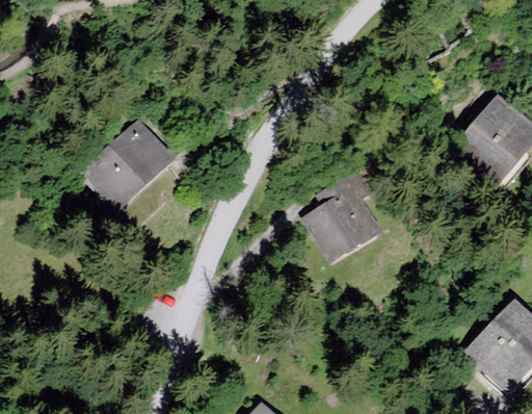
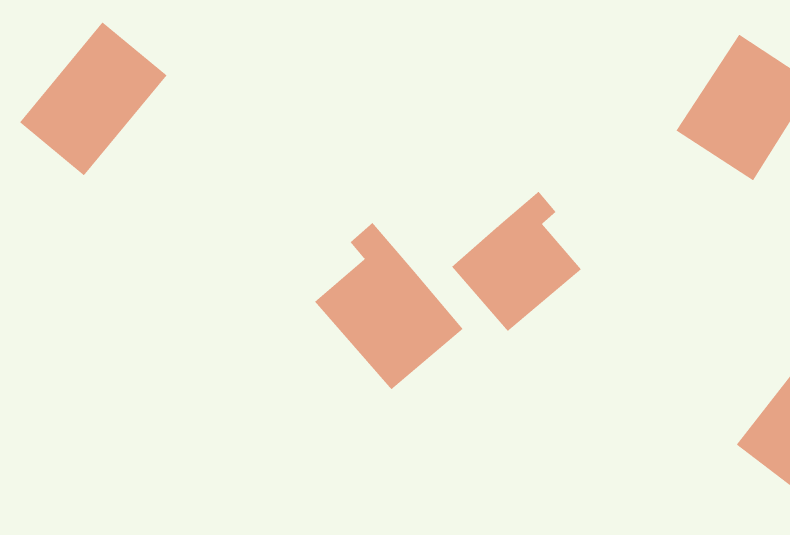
building: [79,119,175,213] -> [19,22,167,176]
building: none -> [314,222,464,390]

